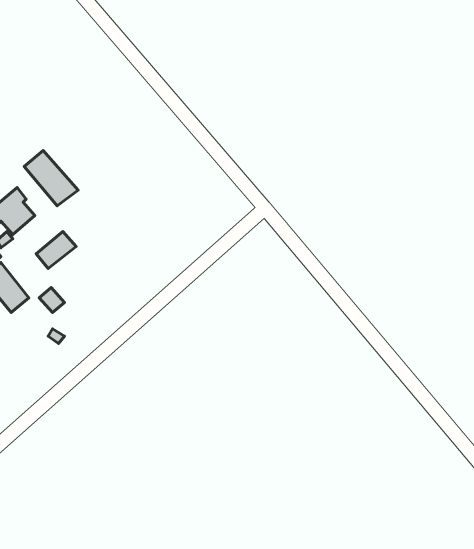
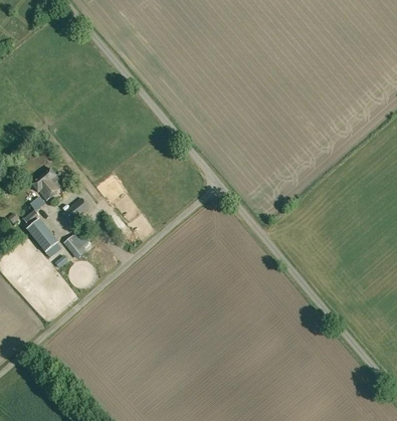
building: [24,151,78,206] -> none

